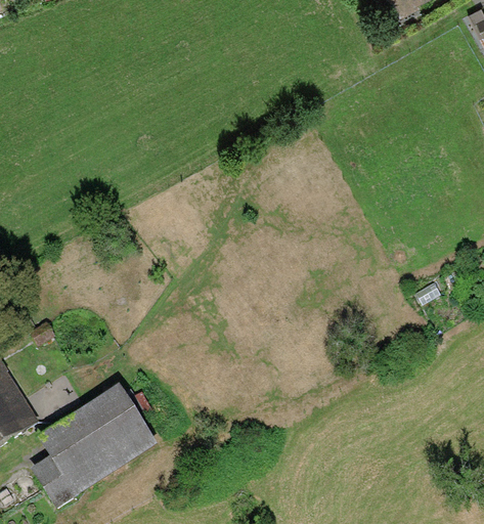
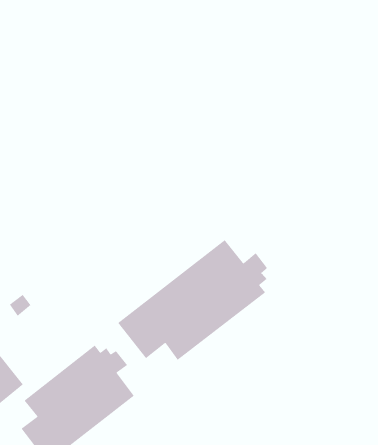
building: none -> [117,239,268,361]

